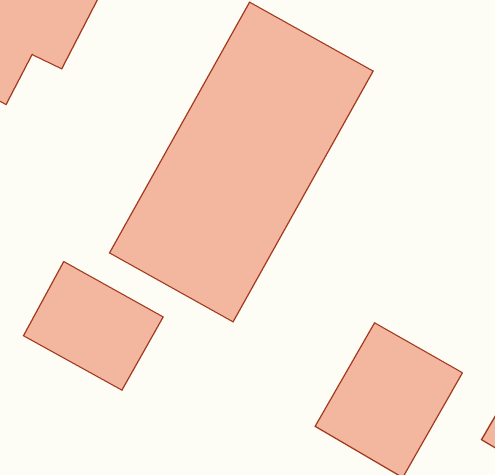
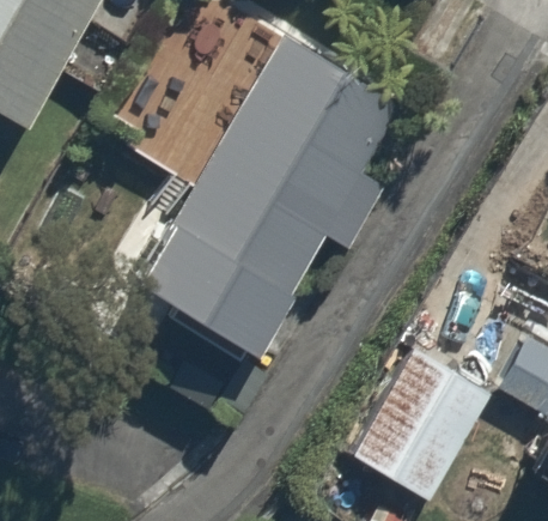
building: [23,262,163,390] -> none

